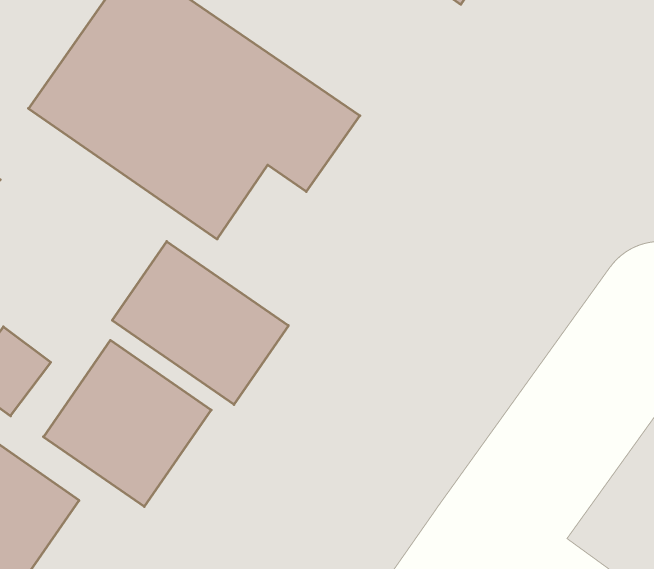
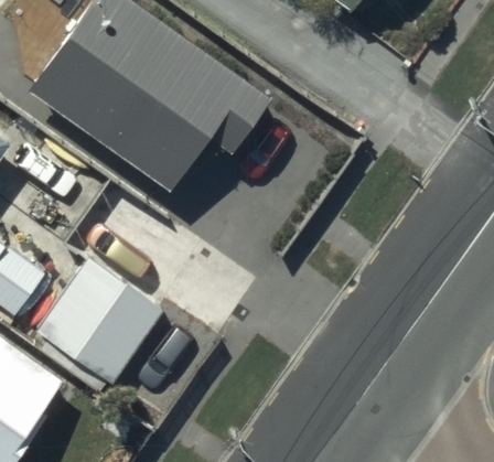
building: [112,241,288,405] -> none

